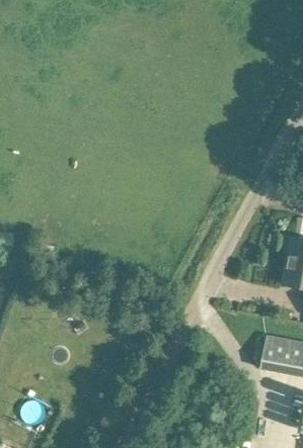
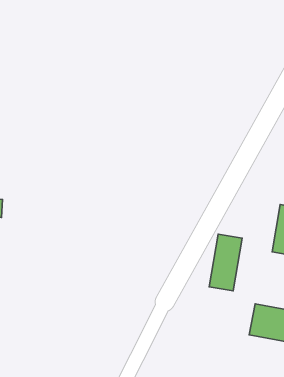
building: none -> [209,234,242,291]

